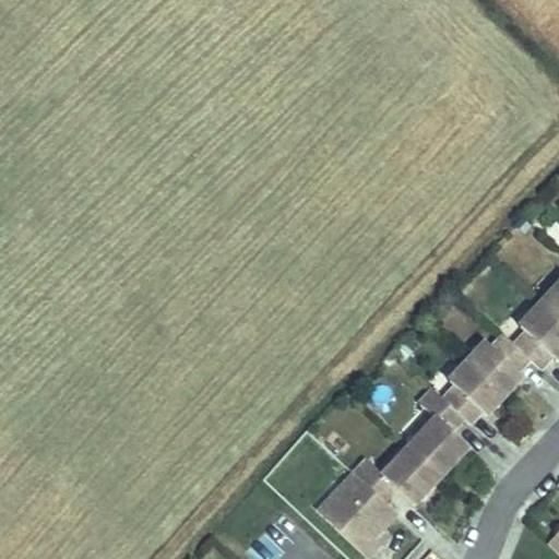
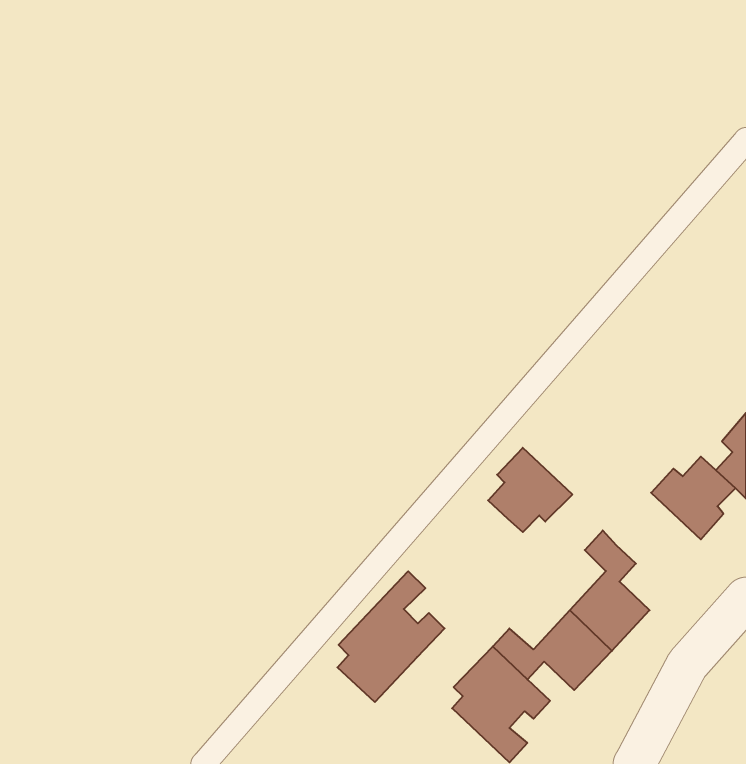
building: [447,357,508,418] -> [488,448,572,532]
building: none -> [337,571,445,702]

